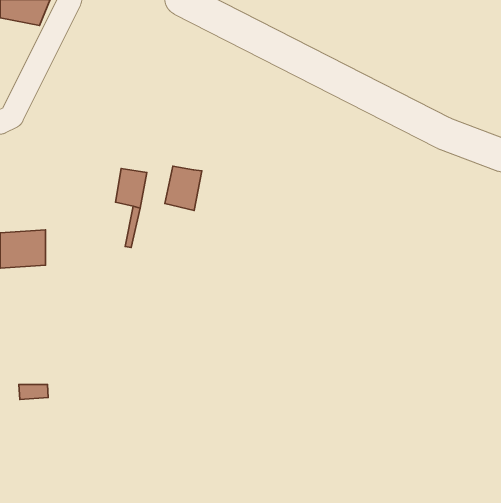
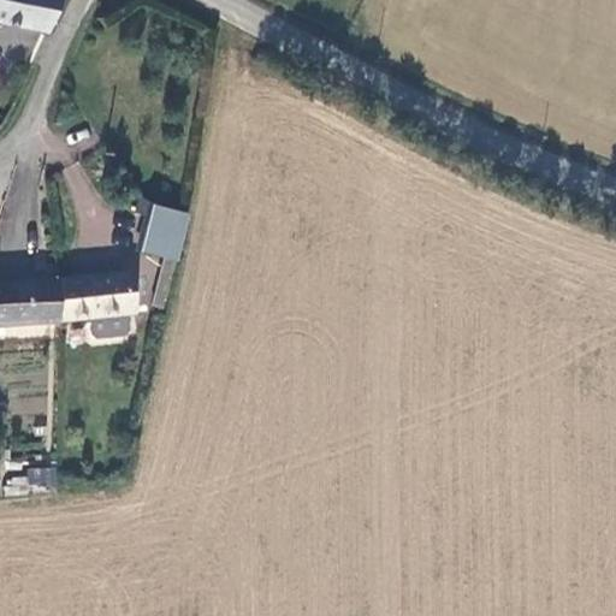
building: [165,166,202,210] -> none
building: none -> [59,276,136,324]

